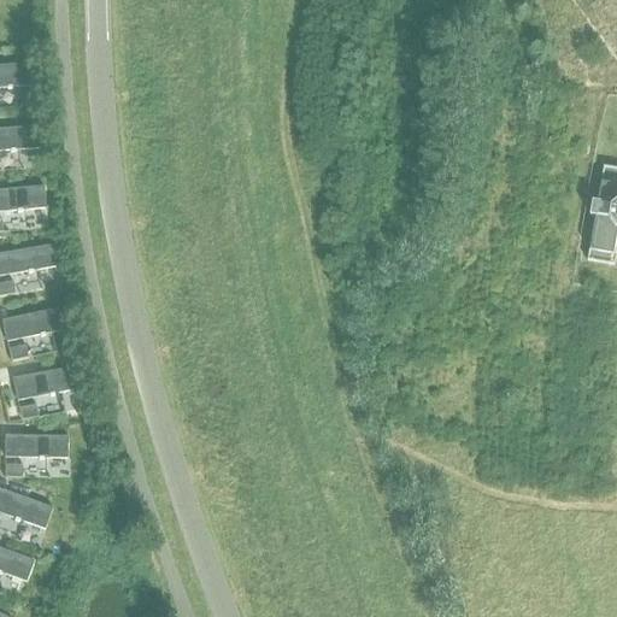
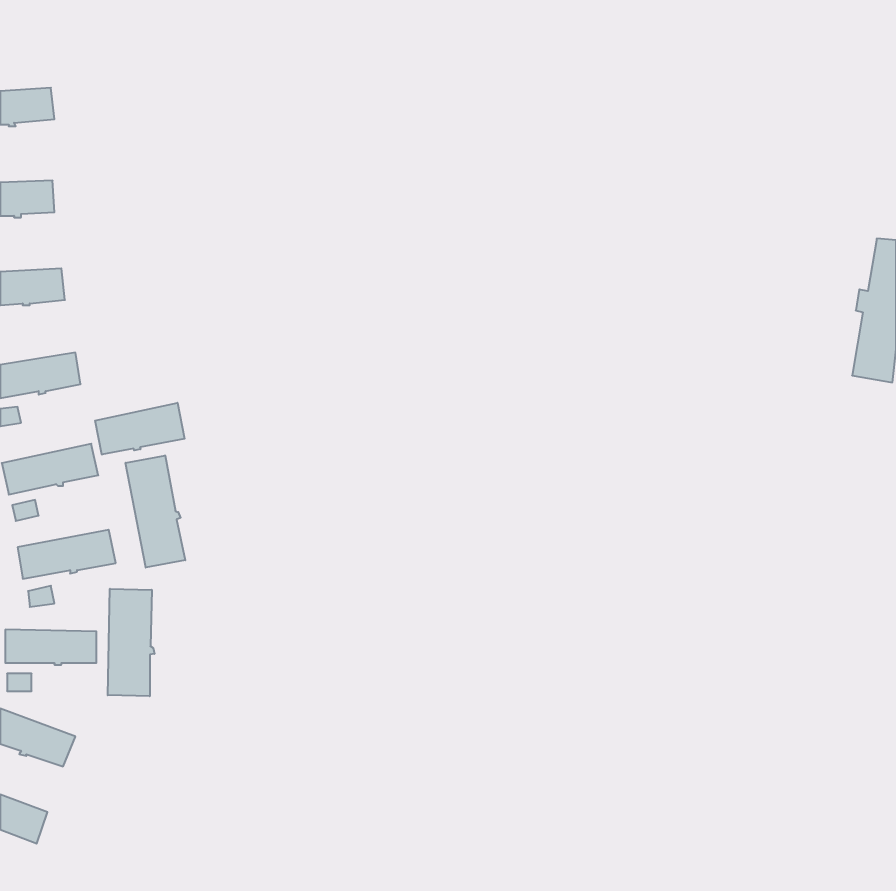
building: none -> [95,403,185,455]
building: none -> [126,455,185,568]
building: none -> [108,589,154,696]

